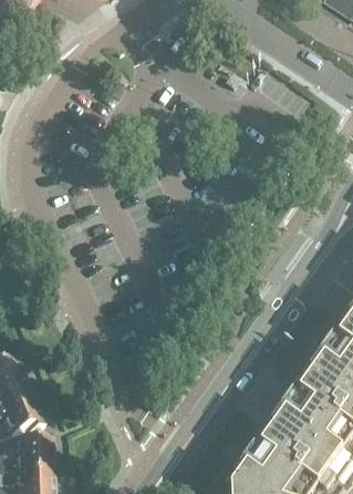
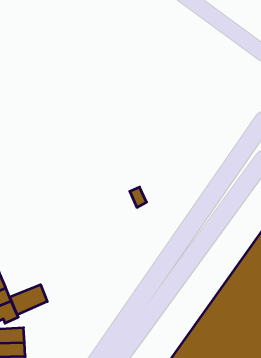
building: none -> [10,285,47,315]

